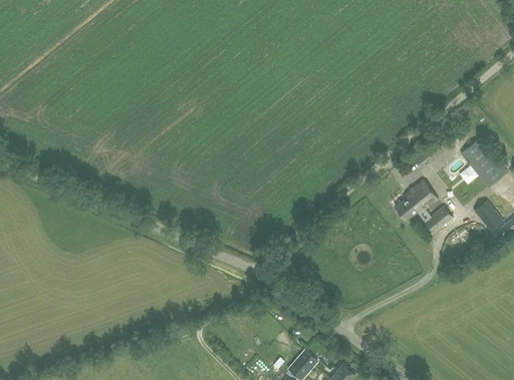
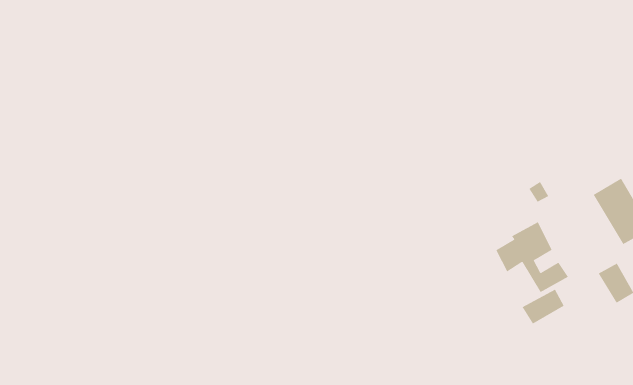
building: none -> [522,289,565,324]

